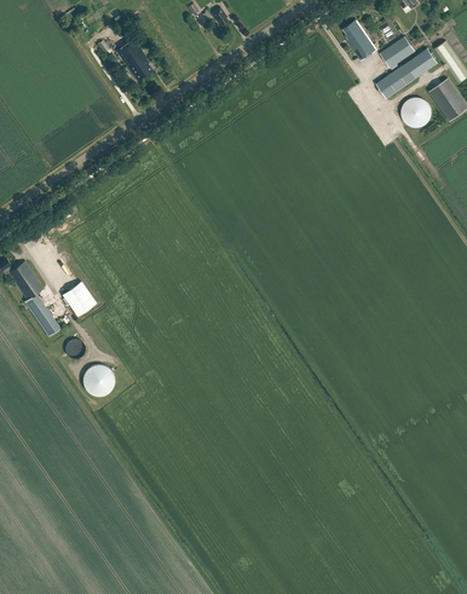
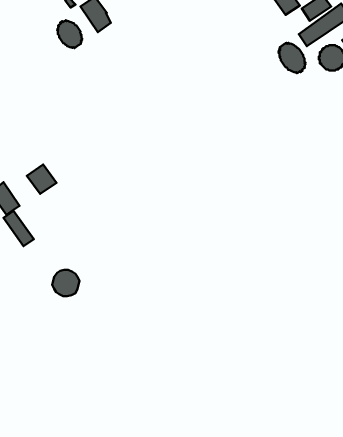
building: none -> [57,20,82,48]
building: none -> [279,43,305,73]
building: [62,281,97,316] -> [27,165,56,194]

